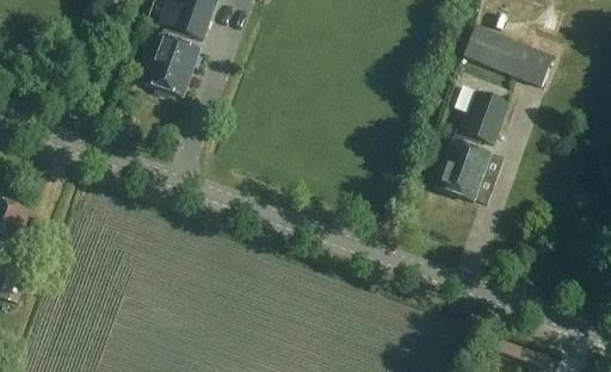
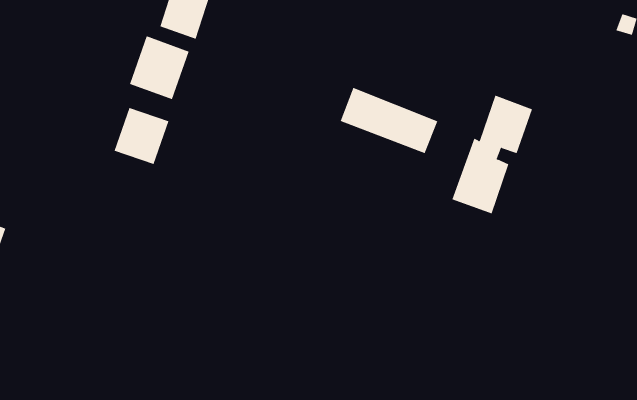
building: [464,25,554,86] -> [340,87,438,154]
building: none -> [114,107,169,165]

